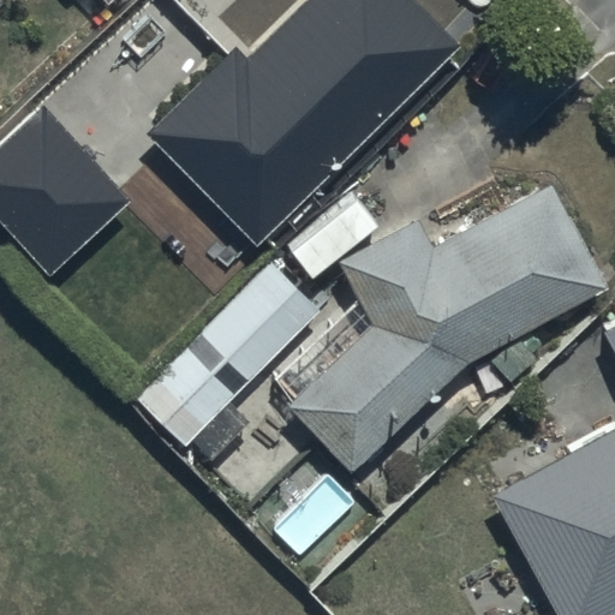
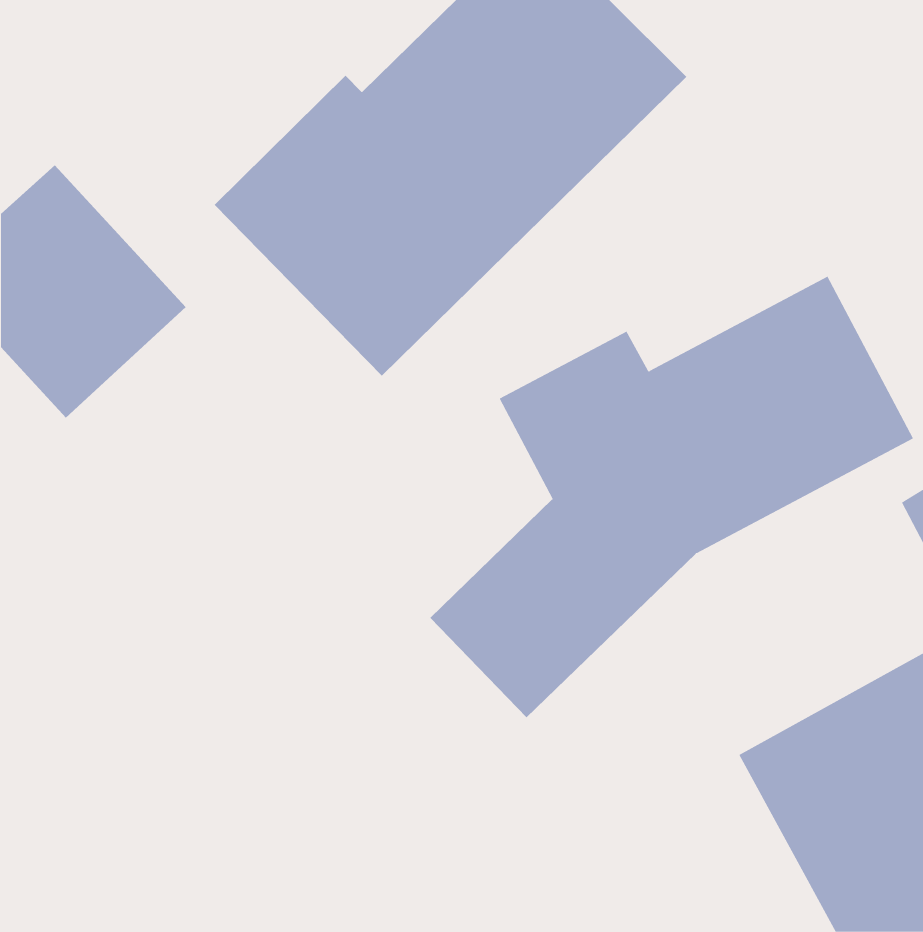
building: [135,263,322,450] -> none

